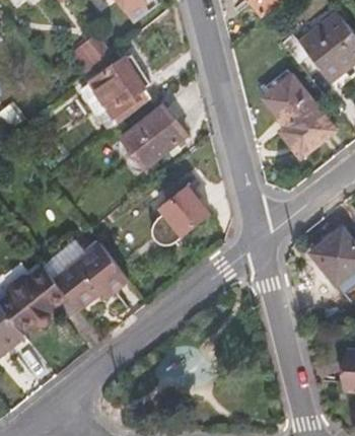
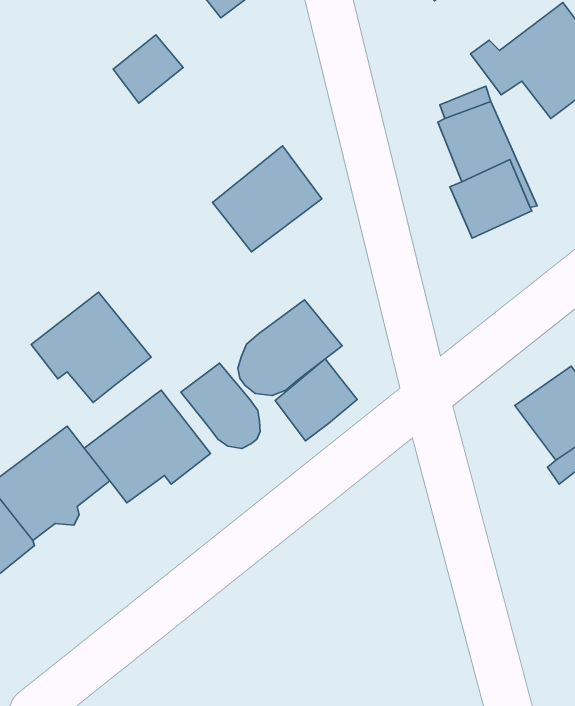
building: [82,60,152,130] -> none
building: none -> [31,292,151,402]
building: none -> [275,359,357,441]
building: none -> [181,363,260,448]

